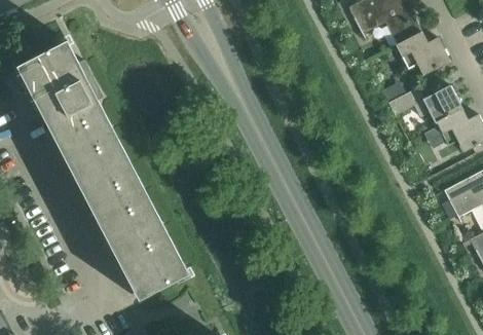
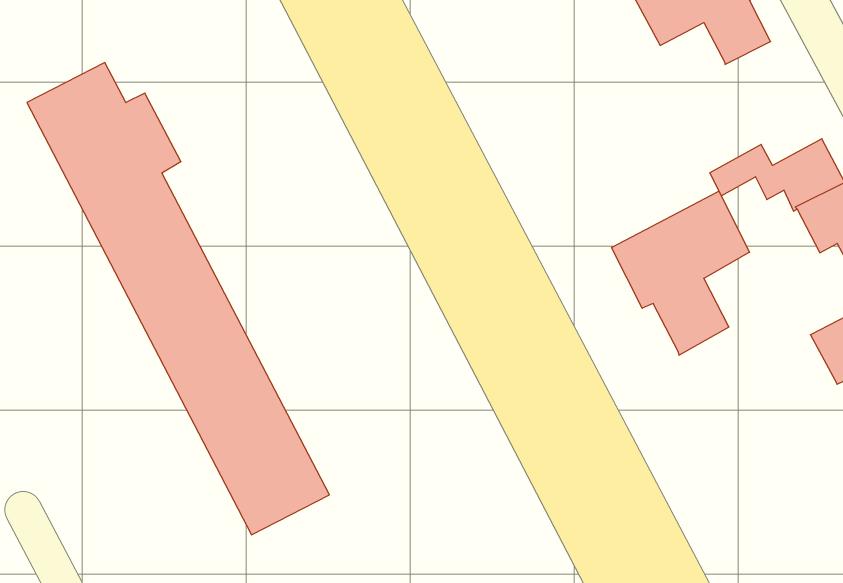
building: [395,32,450,75] -> none
building: none -> [612,191,750,355]

